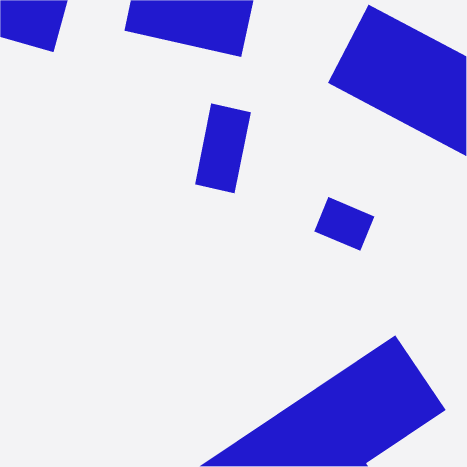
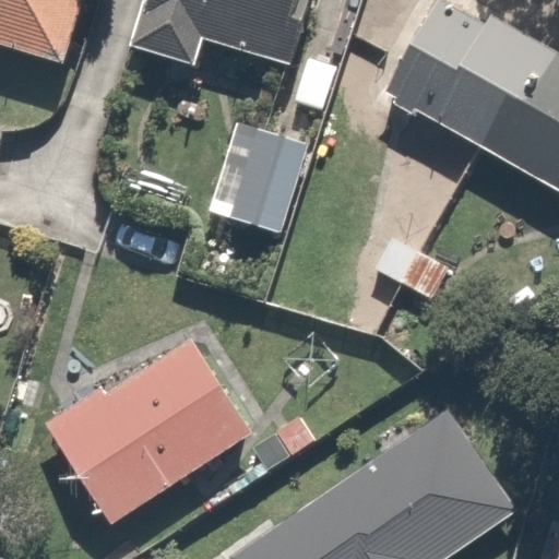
building: none -> [47,334,250,526]

